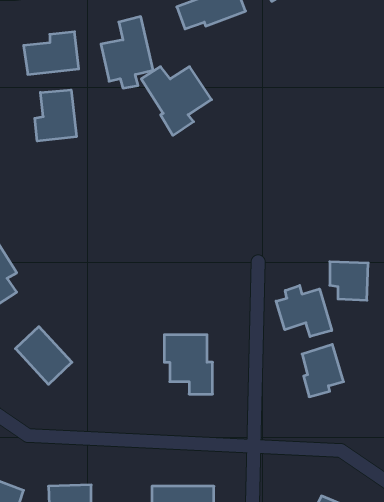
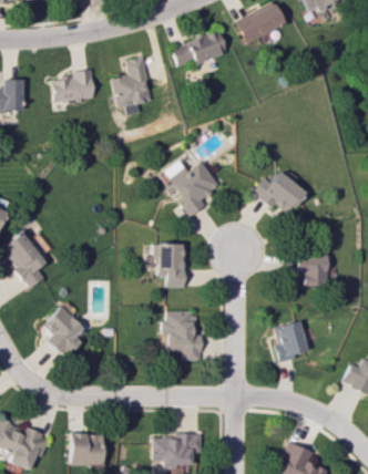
building: [141,67,212,135] -> [163,161,219,216]
building: [35,90,76,141] -> none
building: none -> [253,172,306,214]
building: none -> [155,244,183,287]
building: [276,285,332,337] -> none

